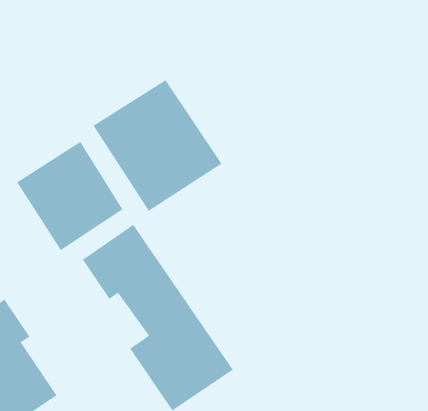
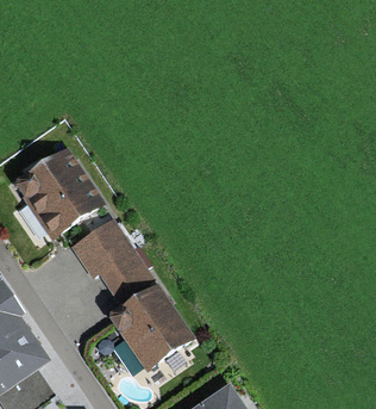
building: [93,79,222,212] -> none

